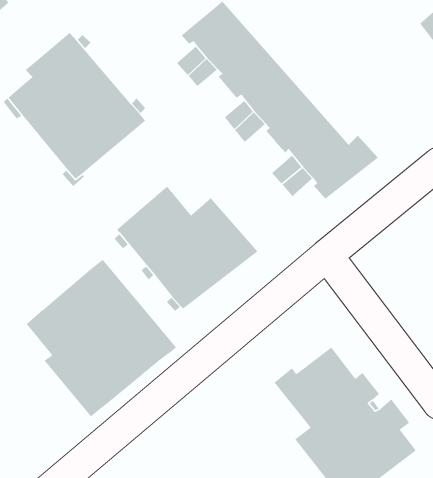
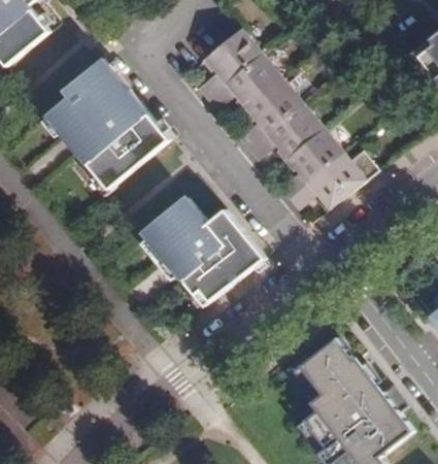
building: [26,259,177,417] -> none

